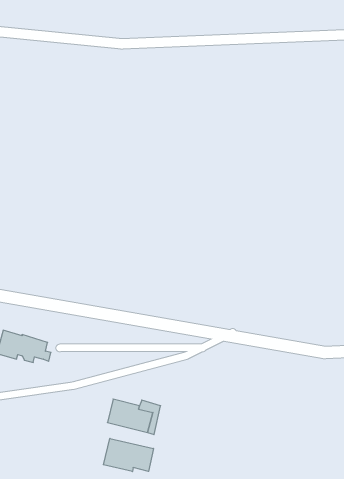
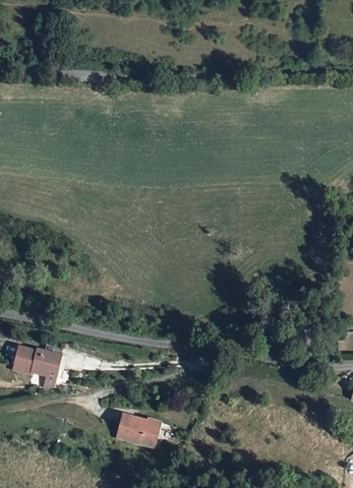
building: [103,438,153,472] -> none

